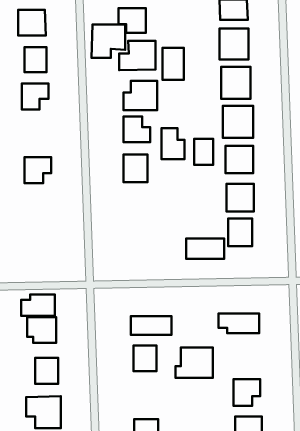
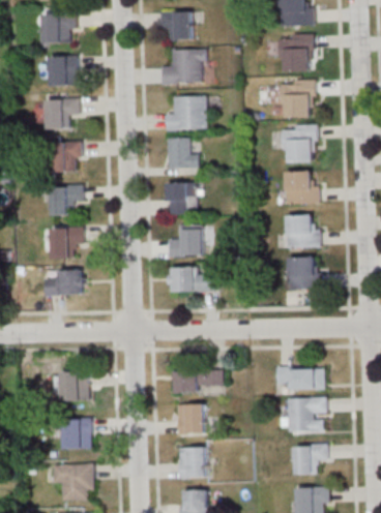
building: [92,24,125,58] -> none
building: [163,48,184,80] -> none
building: none -> [54,142,80,172]
building: [162,128,184,159] -> none
building: [194,139,213,165] -> none
building: none -> [168,225,203,256]
building: none -> [50,228,81,259]
building: [186,239,224,259] -> [169,269,213,293]
building: [21,295,55,316] -> [43,271,83,296]
building: [176,348,213,378] -> [282,397,325,432]
building: none -> [177,448,205,477]

